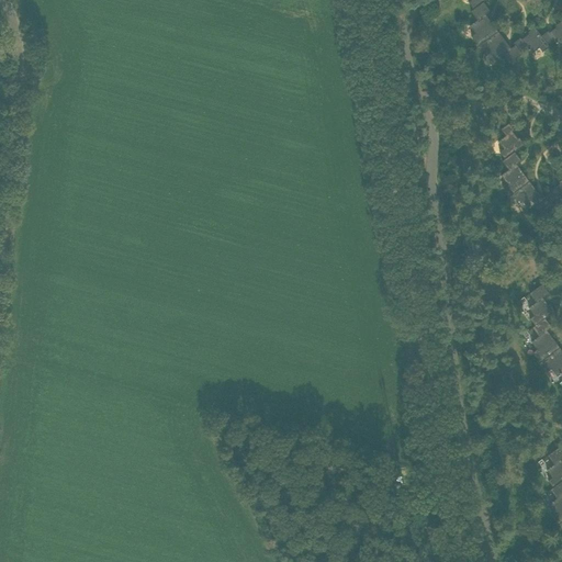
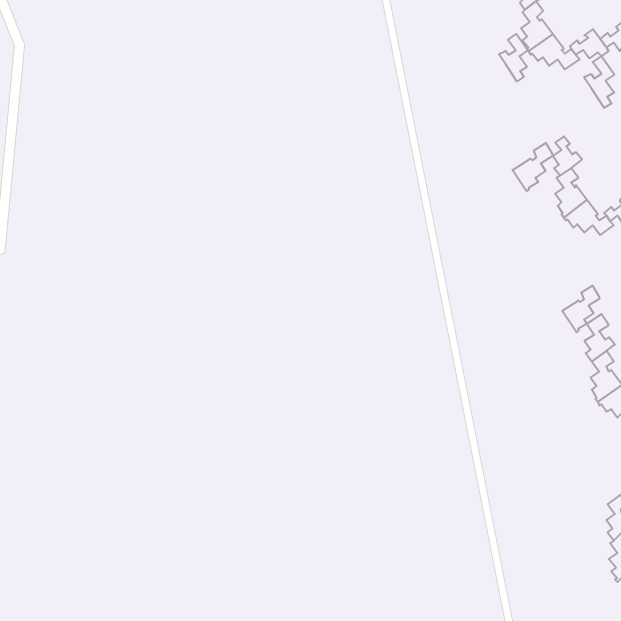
building: none -> [499,34,528,81]
building: none -> [584,56,614,108]
building: none -> [512,143,553,191]
building: none -> [562,286,600,332]

